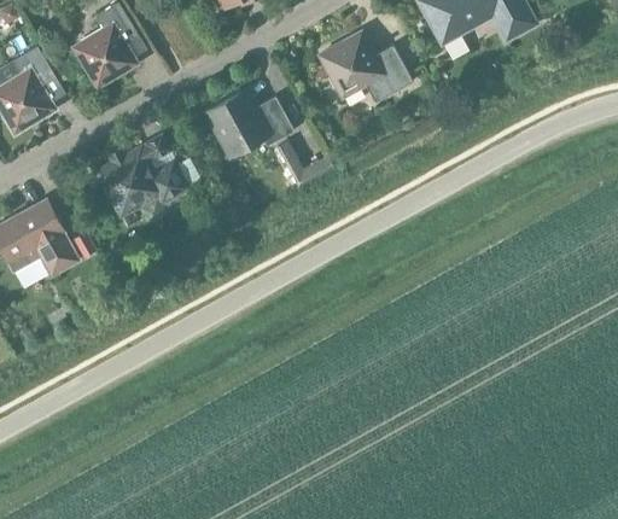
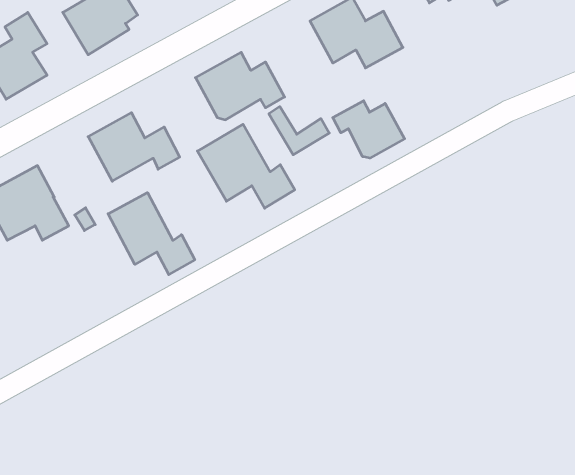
building: none -> [333,101,405,158]
building: none -> [197,124,295,208]
building: none -> [108,193,195,275]

